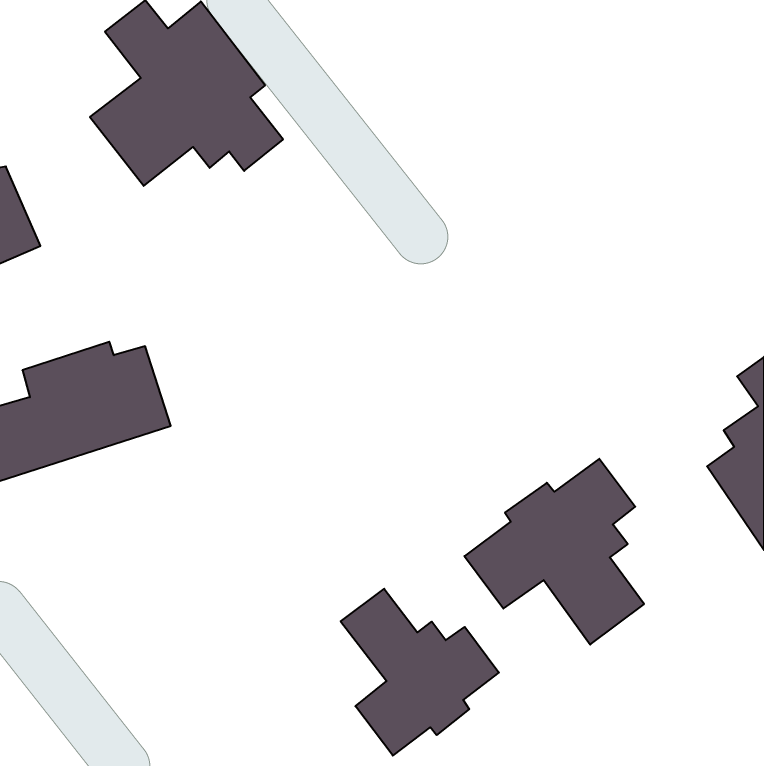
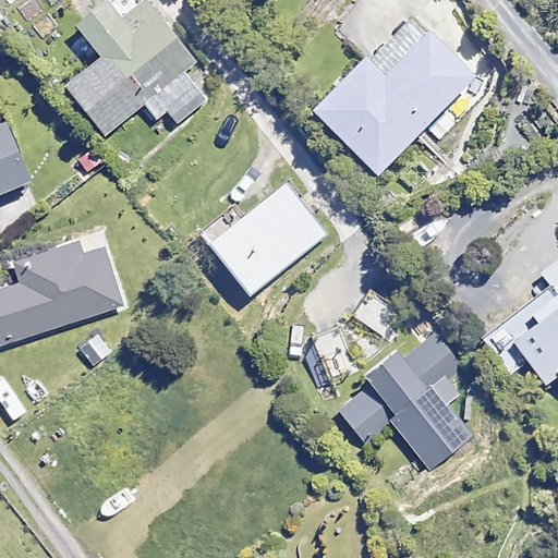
building: none -> [312,16,473,173]
building: none -> [209,182,327,294]
building: [341,589,499,756] -> none

